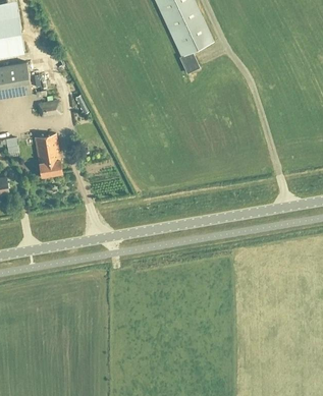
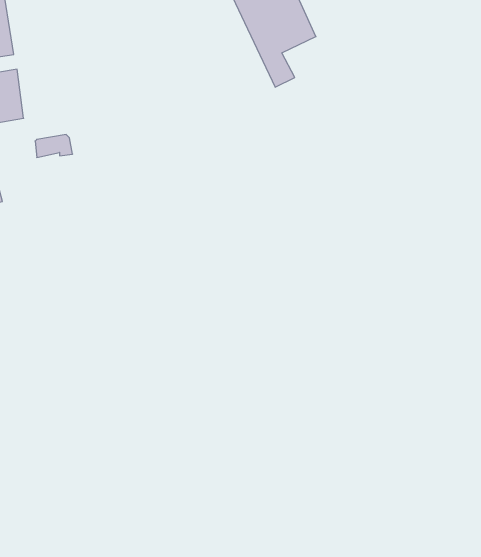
building: [35,133,62,176] -> none

